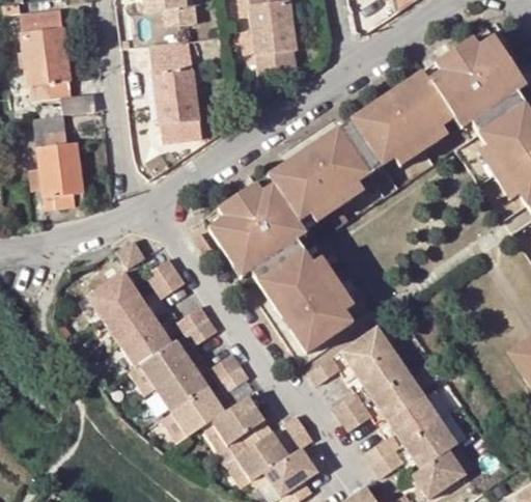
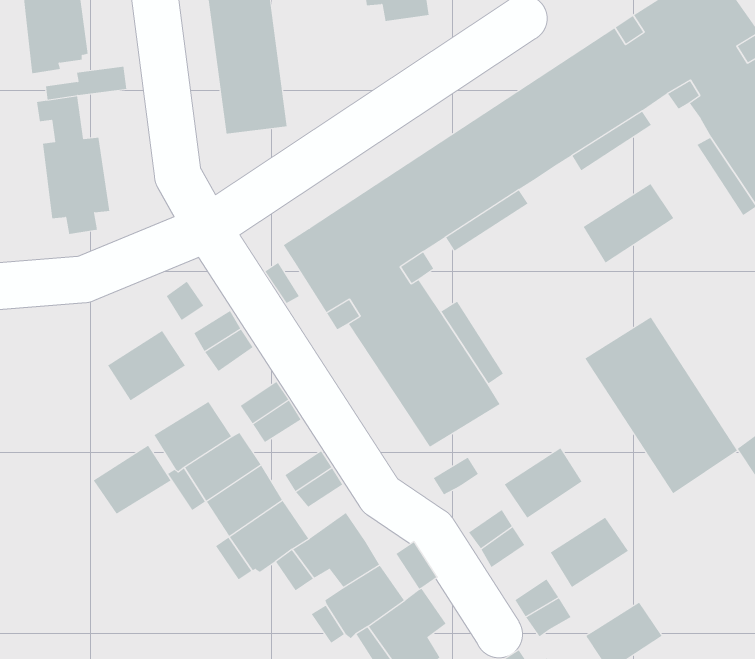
building: none -> [583,183,674,263]
building: none -> [585,317,738,494]
building: [102,296,155,342] -> [93,445,172,514]
building: [337,327,391,375] -> none
building: [368,373,421,421] -> none
building: [398,420,454,472] -> none

